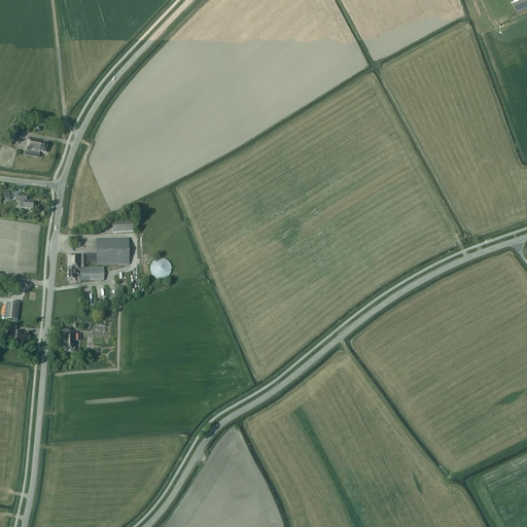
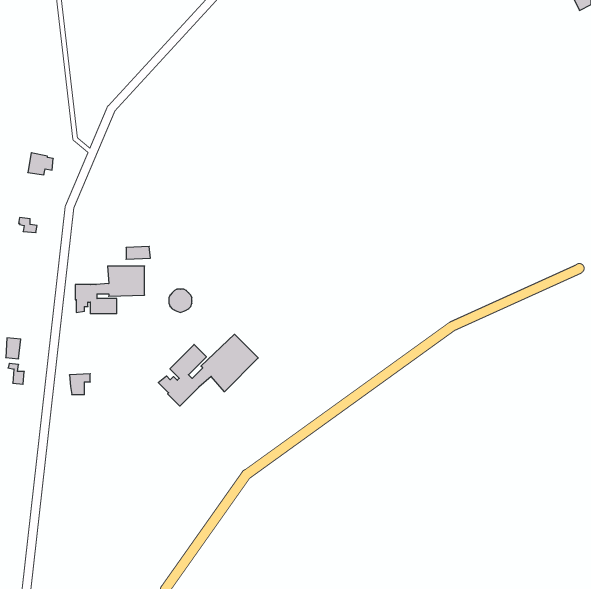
building: none -> [158,334,258,406]

